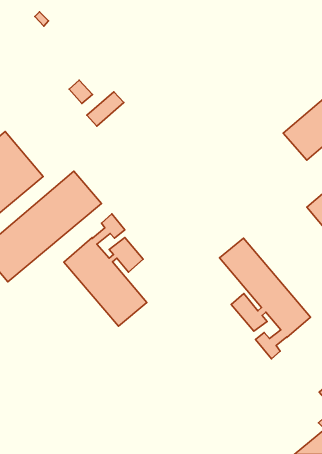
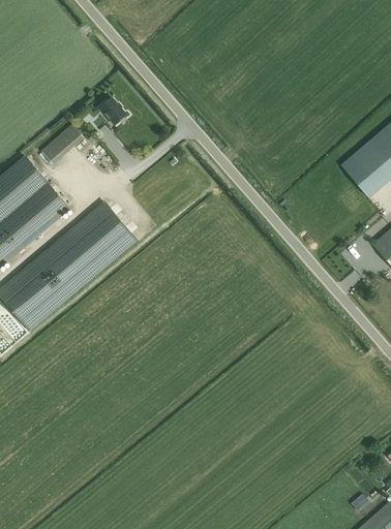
building: [87,92,124,126] -> [40,125,83,164]
building: [64,214,147,326] -> none
building: [220,238,311,359] -> none

